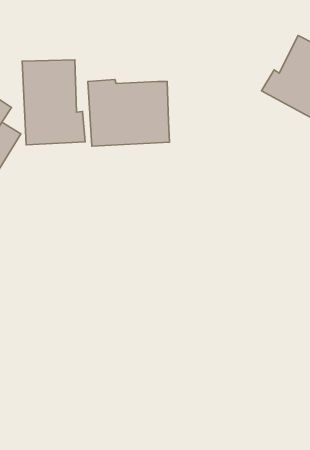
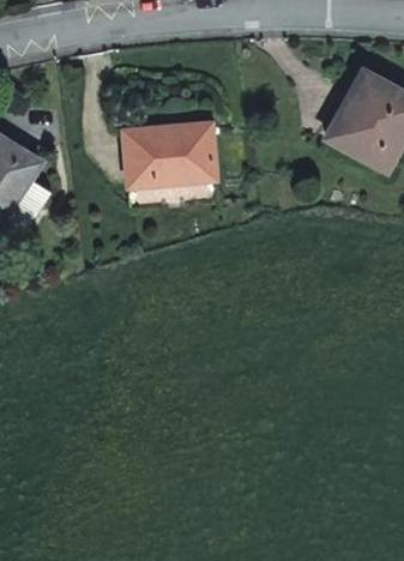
building: [22,60,85,145] -> none

